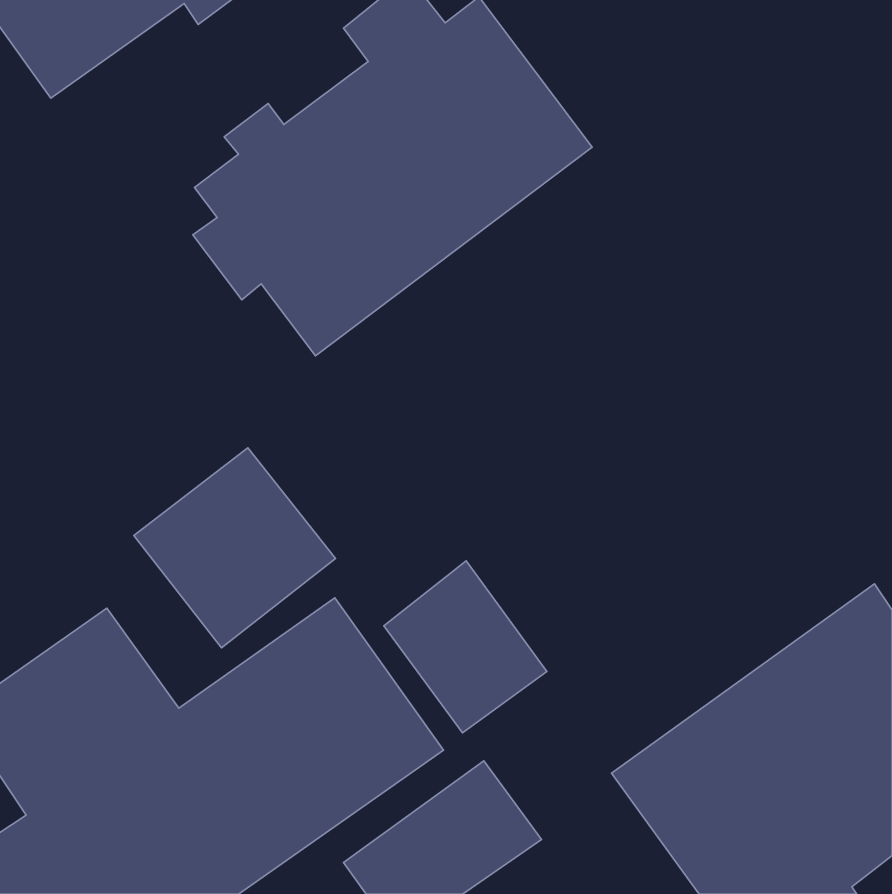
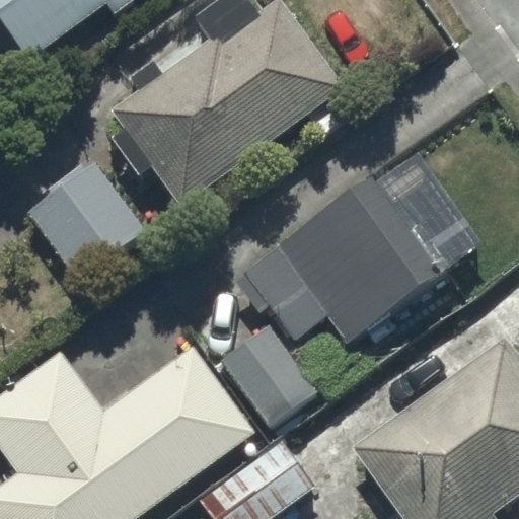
building: none -> [245,175,454,343]
building: [134,448,335,648] -> [28,165,145,281]

